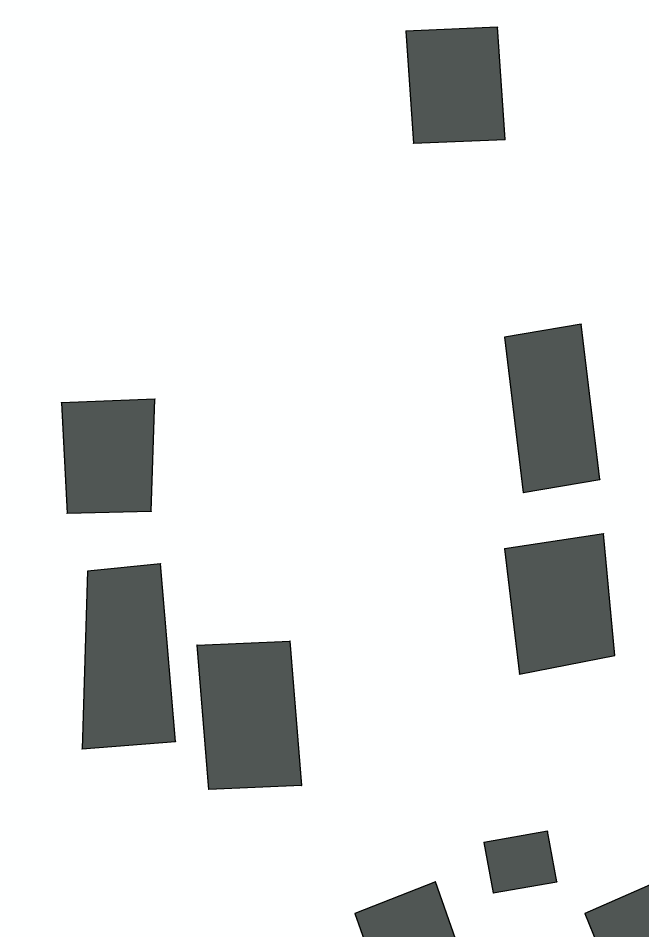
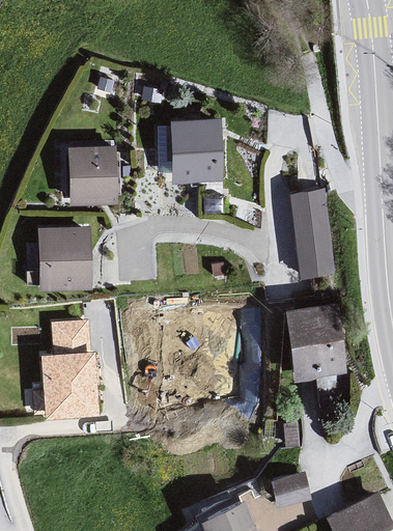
building: [406,27,505,143] -> [167,119,222,184]
building: none -> [69,146,119,205]
building: [197,641,301,789] -> none

